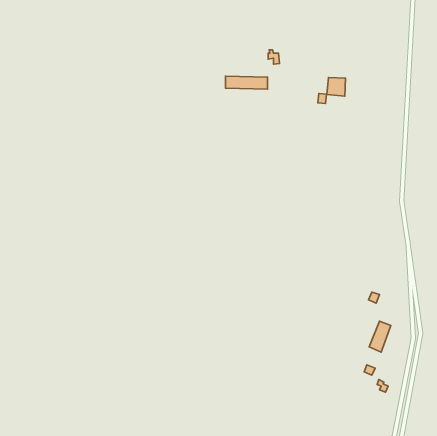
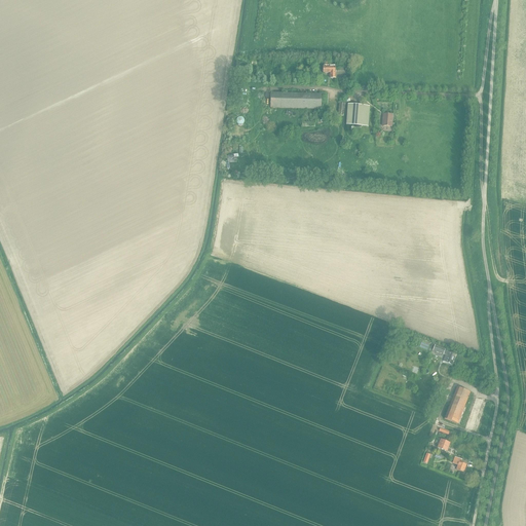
building: [327,77,346,96] -> [345,103,368,125]

